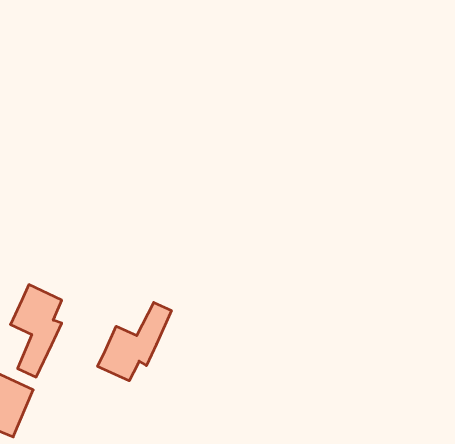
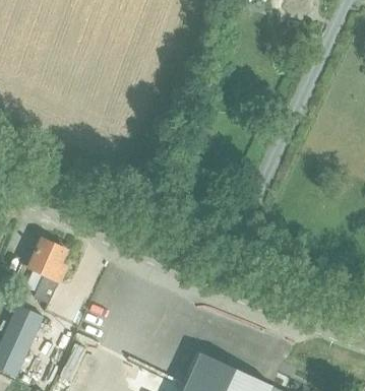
building: [98,302,171,381] -> none

